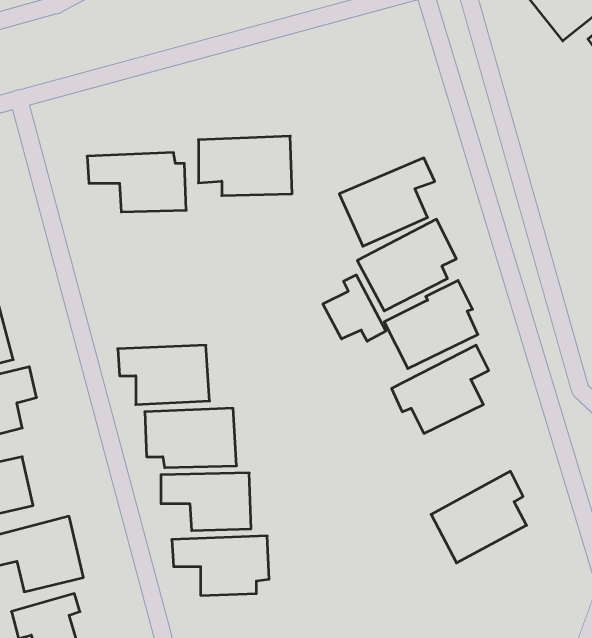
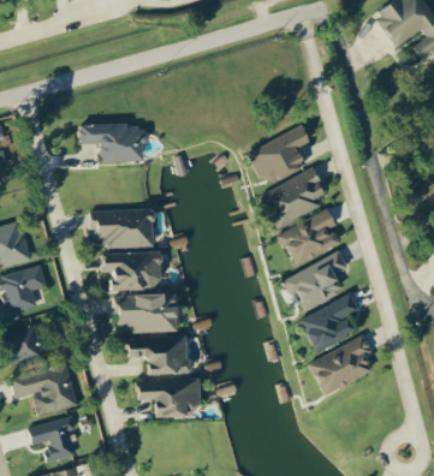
building: [198,136,292,196] -> [91,209,154,249]
building: [323,275,386,341] -> none
building: none -> [298,293,359,355]

